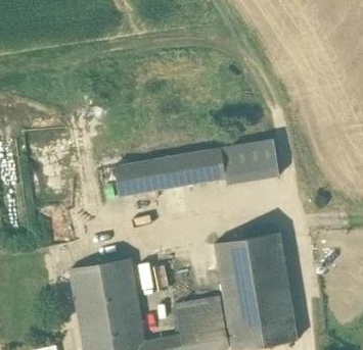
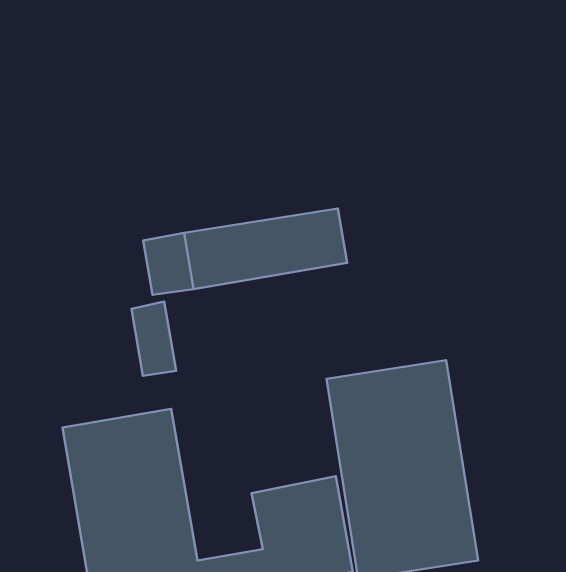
building: [221,140,279,184] -> none
building: none -> [131,301,176,376]

